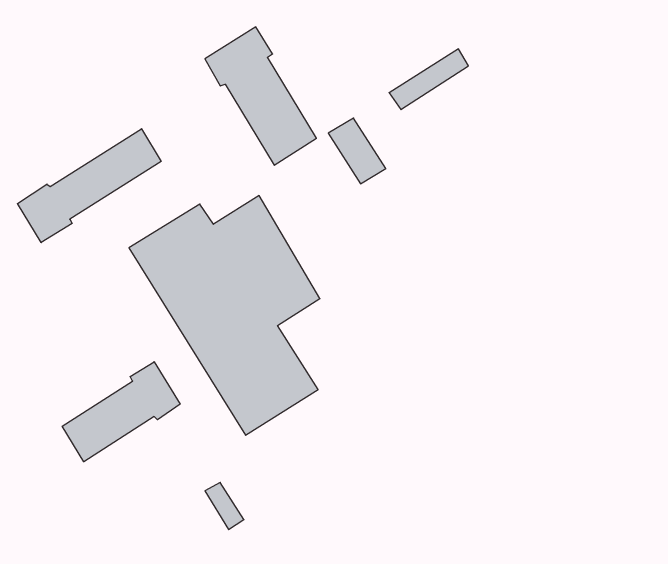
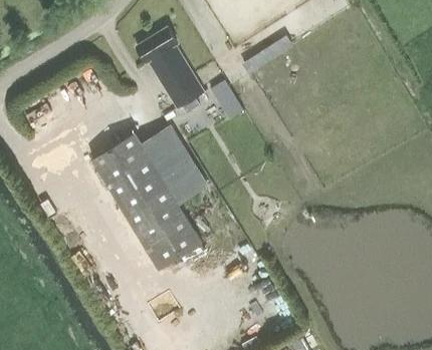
building: [17,129,161,243] -> none
building: [62,362,180,462] -> none

